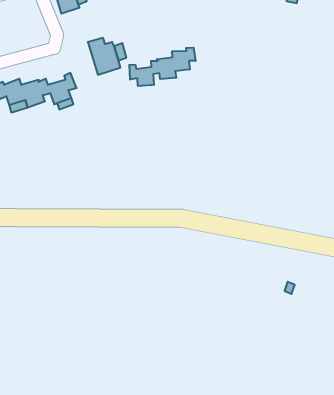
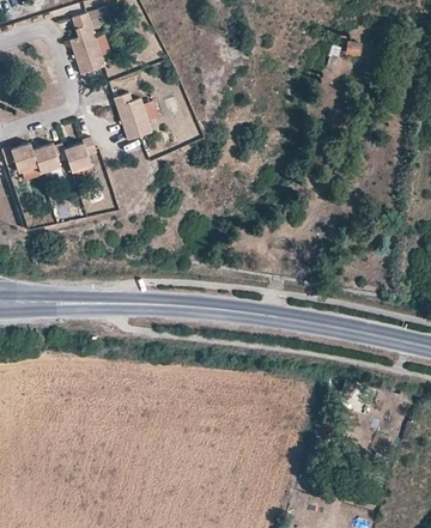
building: [129,48,196,86] -> none

